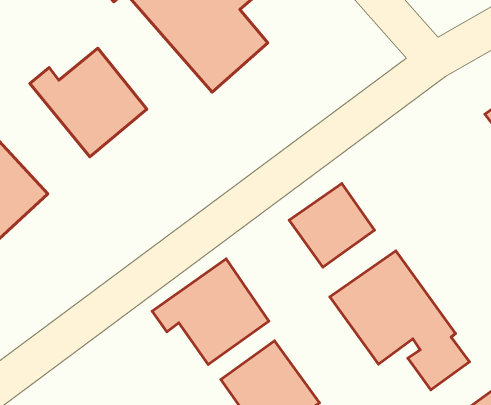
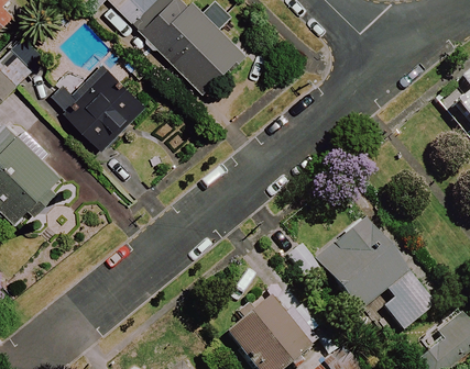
building: [289,183,375,267] -> none
building: [152,259,269,364] -> none

